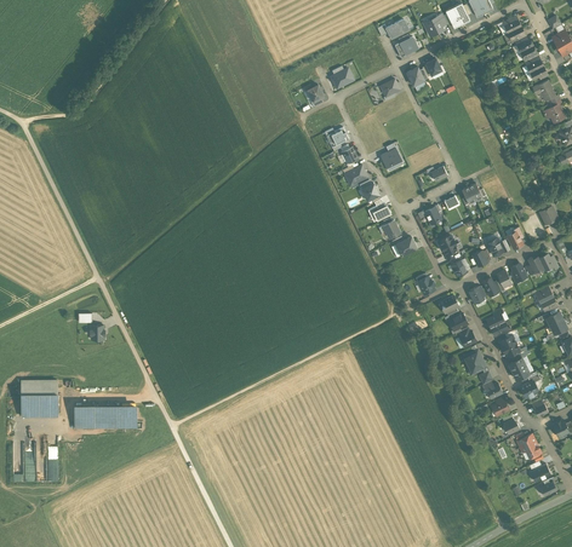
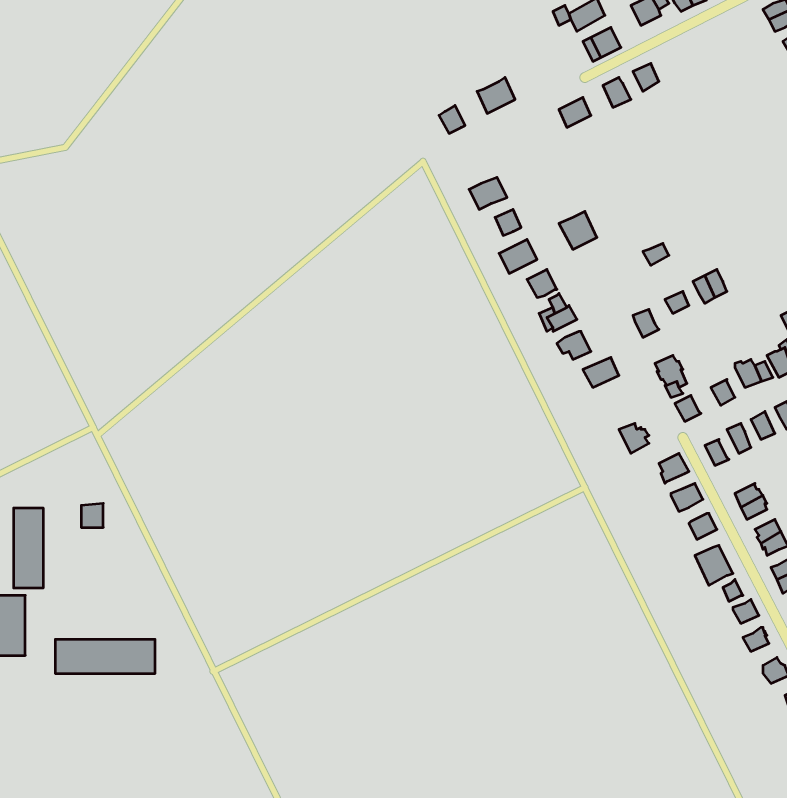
building: none -> [14,508,43,588]

